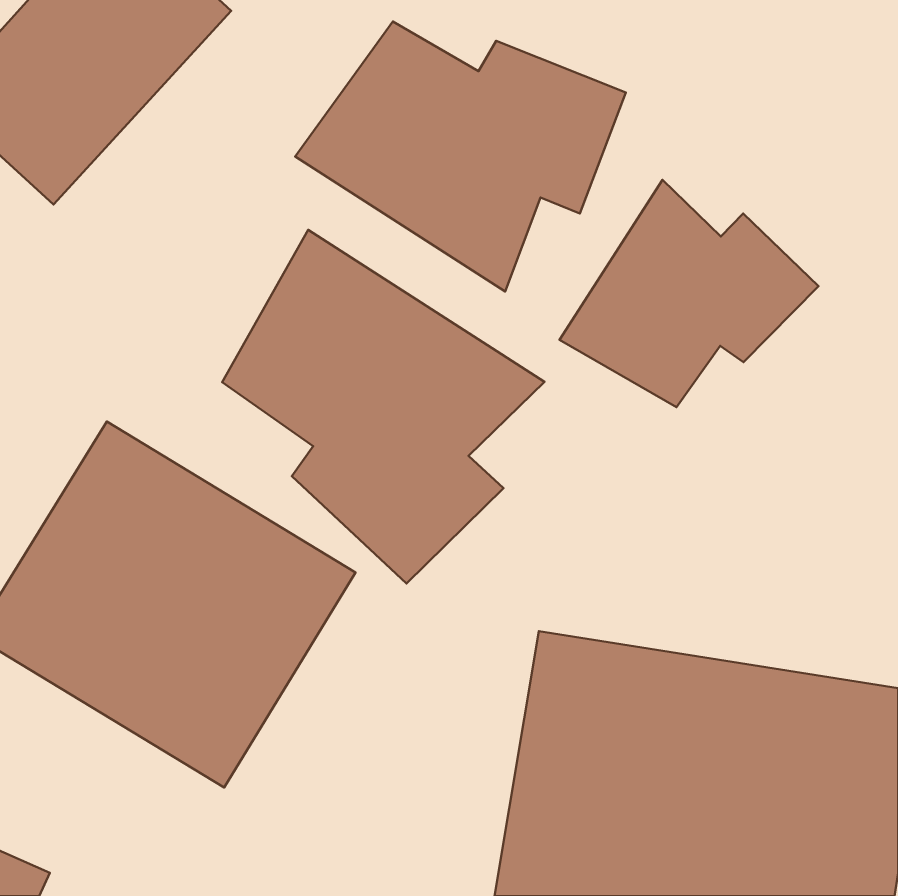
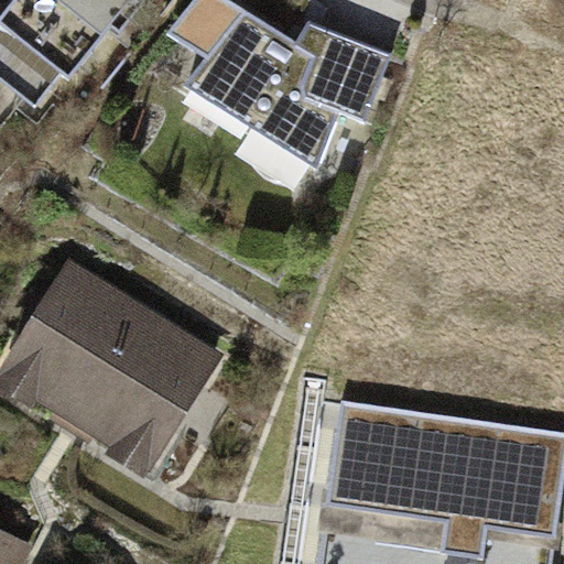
building: [559,180,819,407] -> none
building: [222,230,545,584] -> none

